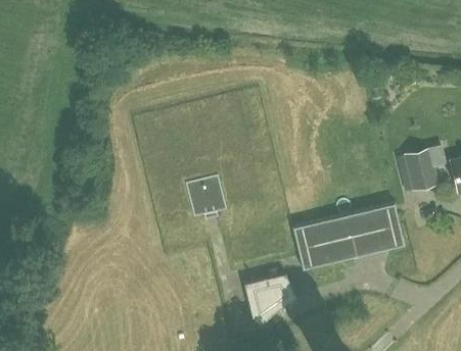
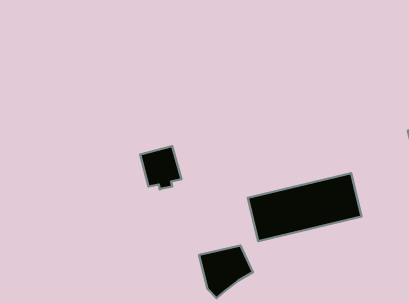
building: [406,149,437,190] -> none

